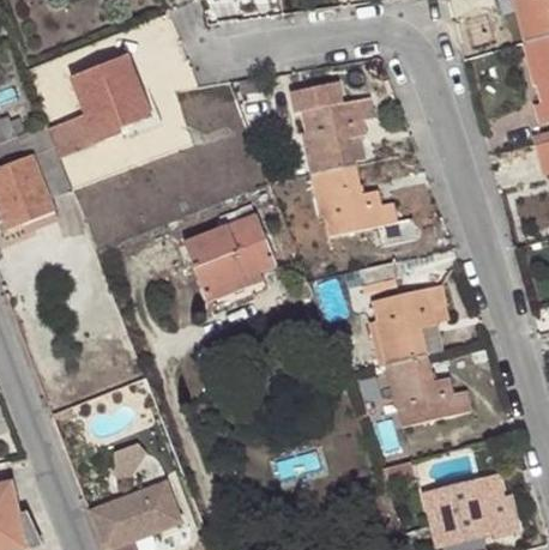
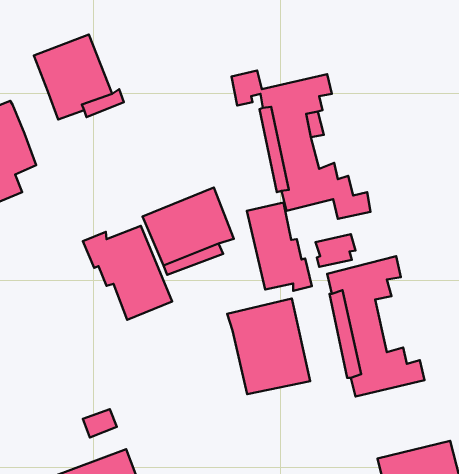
building: [48,114,95,157] -> none
building: none -> [247,203,312,291]
building: none -> [83,226,172,320]
building: none -> [227,298,310,394]

